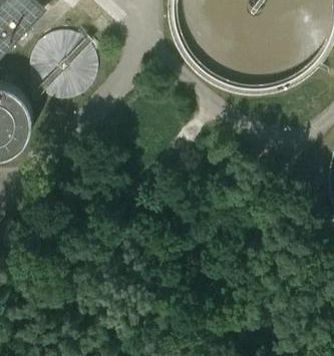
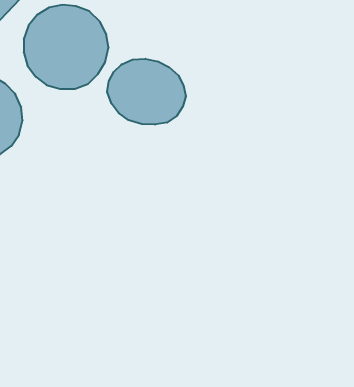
building: none -> [107,59,186,125]

